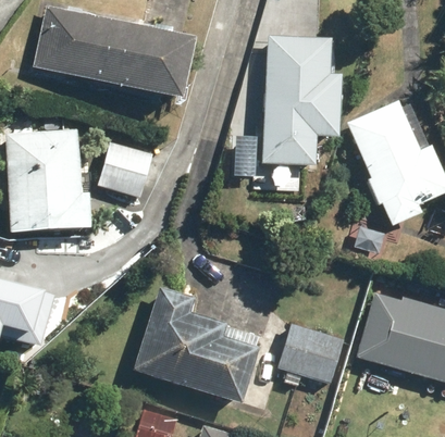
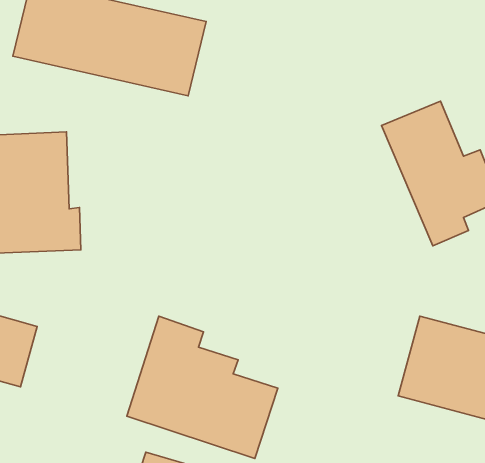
building: [228,37,341,182] -> none
building: [98,140,153,199] -> none
building: [276,324,344,385] -> none

